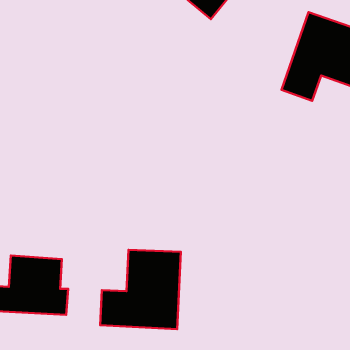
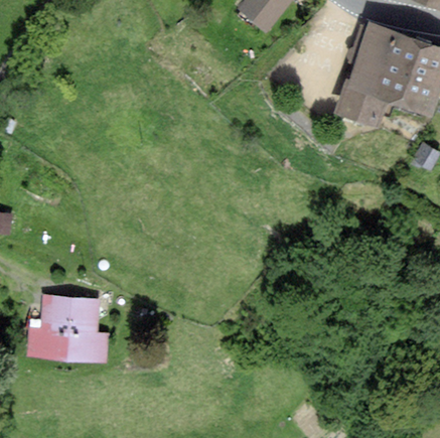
building: [100,250,181,329] -> none

